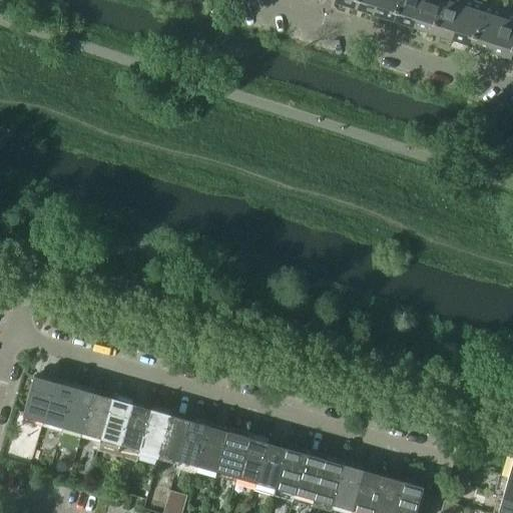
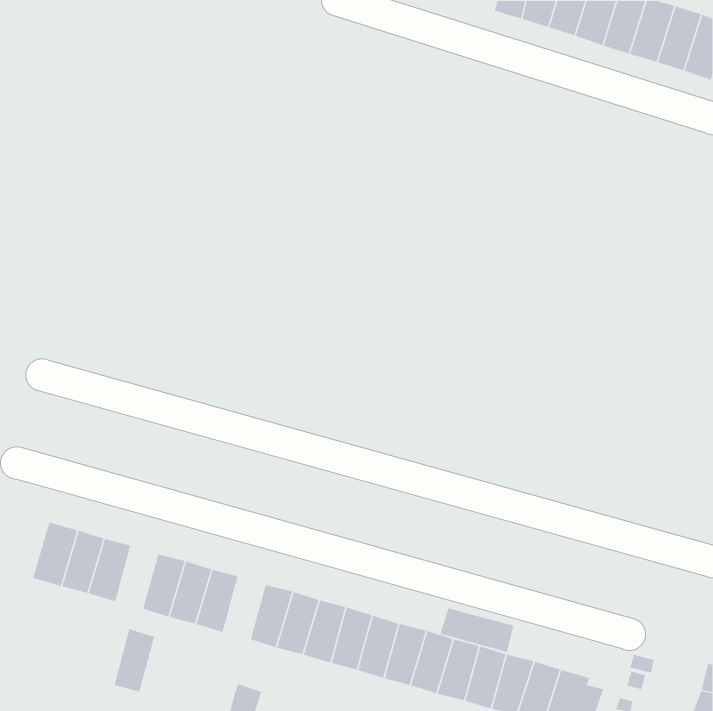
building: [83,393,113,439] -> [113,628,155,692]
building: [160,415,190,461] -> none
building: none -> [440,607,514,653]

